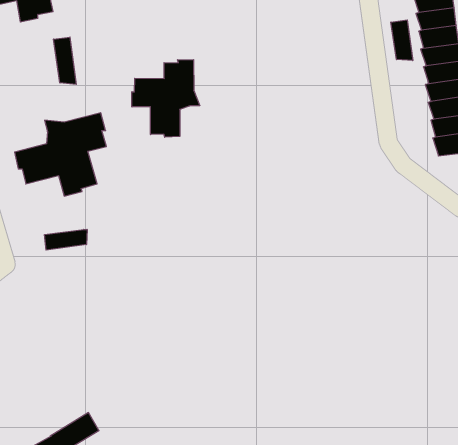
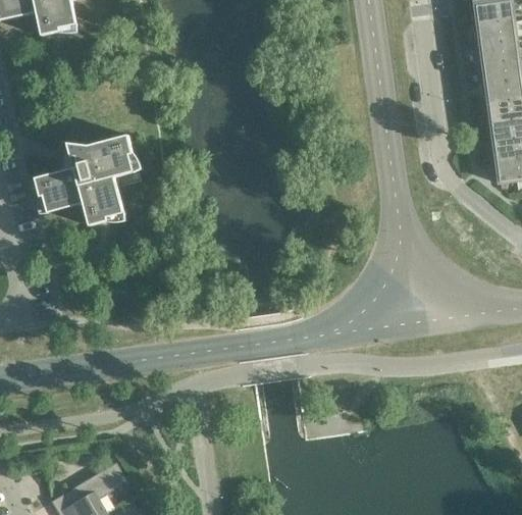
building: [391,20,413,61] -> none
building: [54,37,76,84] -> none
building: [132,60,200,137] -> none
building: [45,229,87,250] -> none

